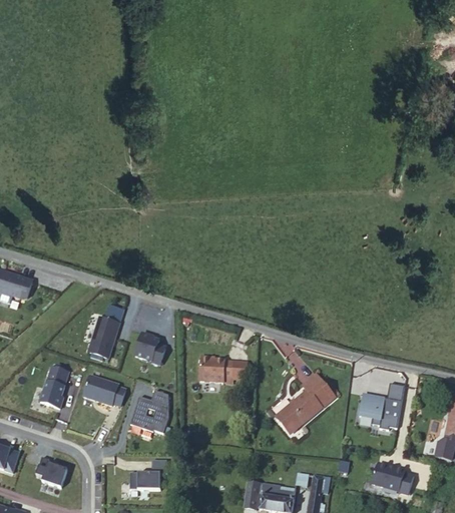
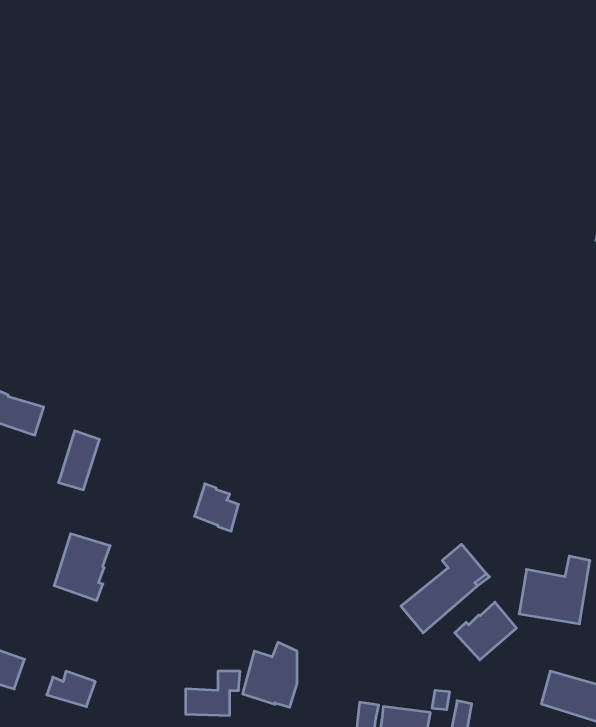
building: [91,318,119,358] -> [58,431,100,490]
building: [199,358,234,382] -> none
building: [83,375,125,405] -> none
building: [131,389,168,433] -> [243,642,297,707]
building: none -> [455,602,516,660]

